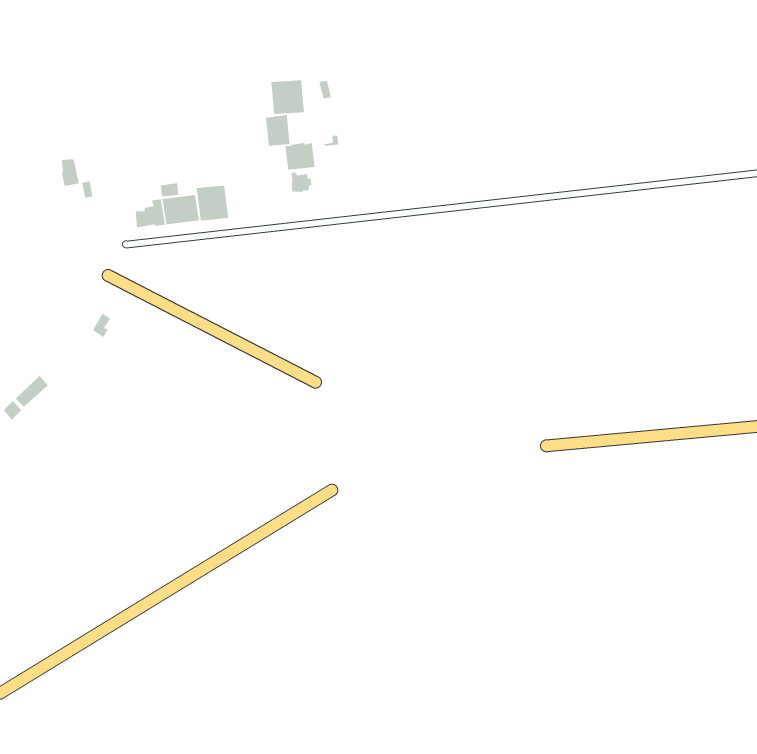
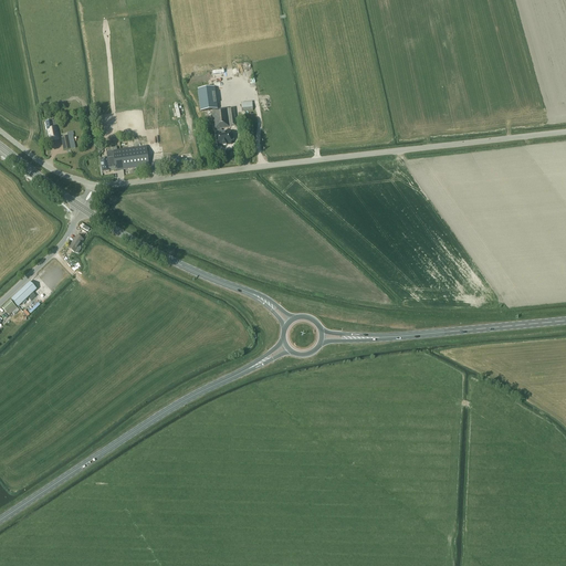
building: [270,80,305,115] -> none
building: [196,185,229,221] -> none

